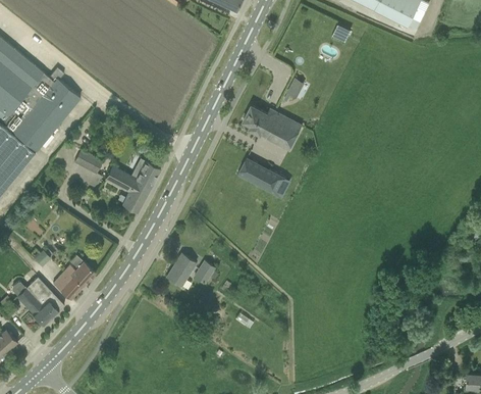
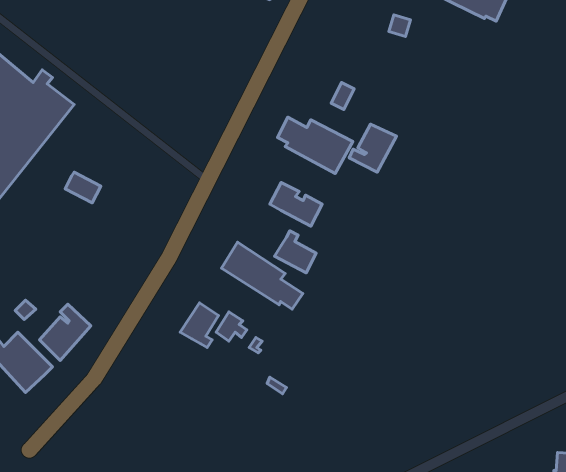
building: none -> [349,124,397,172]
building: [104,158,159,212] -> none
building: none -> [275,231,316,273]
building: none -> [222,242,303,309]

